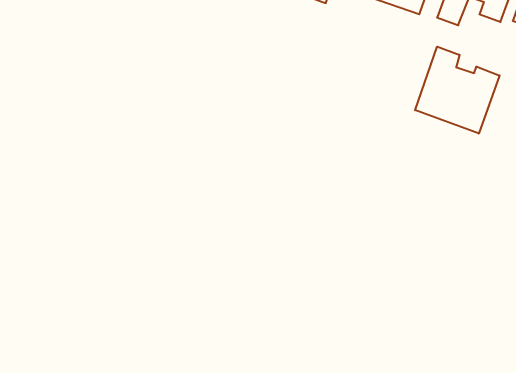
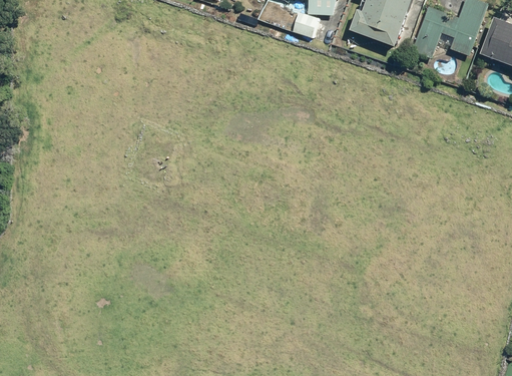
building: [415,47,500,134] -> none

